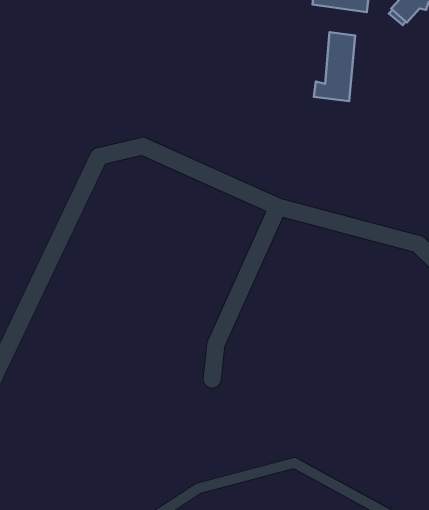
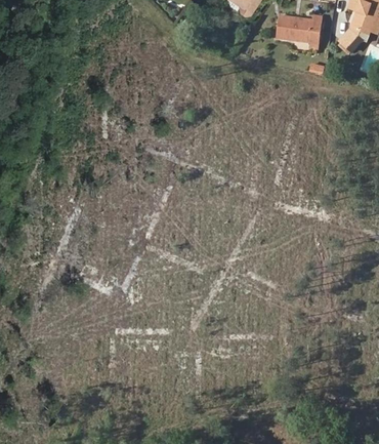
building: [314,32,355,101] -> none

